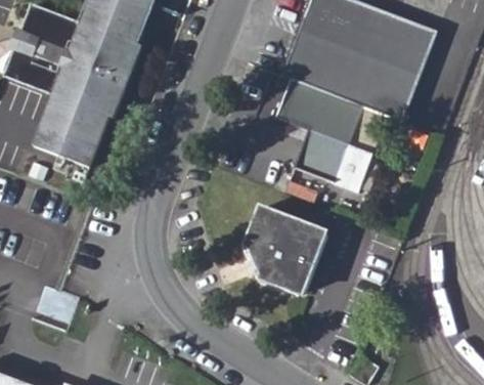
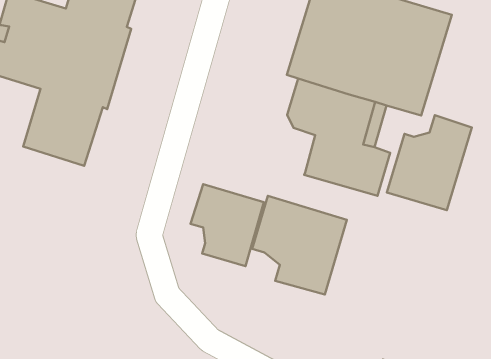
building: none -> [387,115,472,210]
building: none -> [190,184,264,266]

